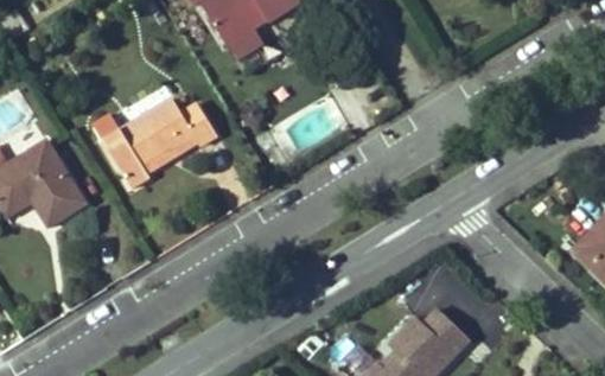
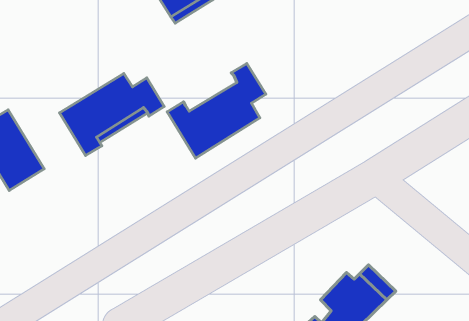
building: none -> [167,64,266,158]

